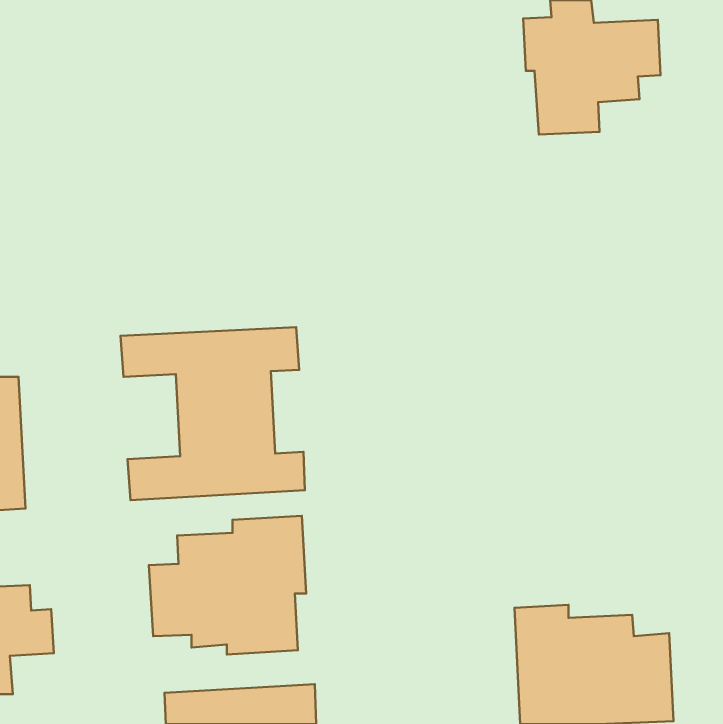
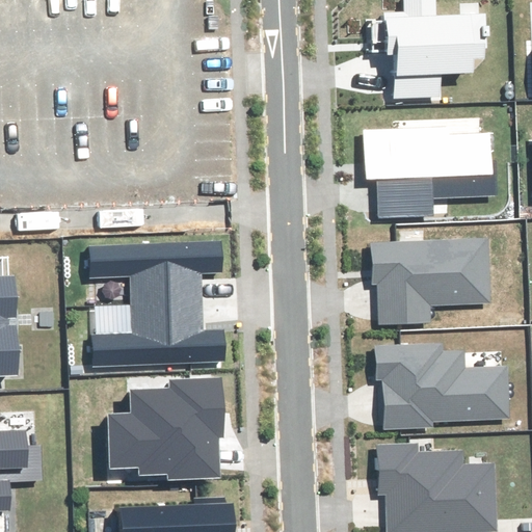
building: none -> [364,127,490,215]
building: none -> [371,239,488,323]
building: none -> [375,343,508,428]

